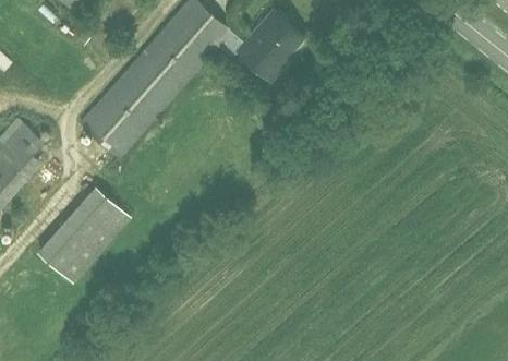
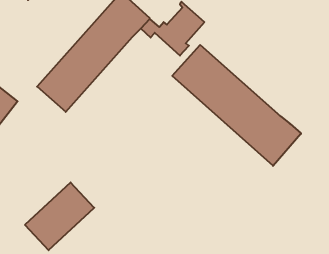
building: none -> [172,45,301,166]
building: [36,185,129,276] -> [25,182,94,250]

